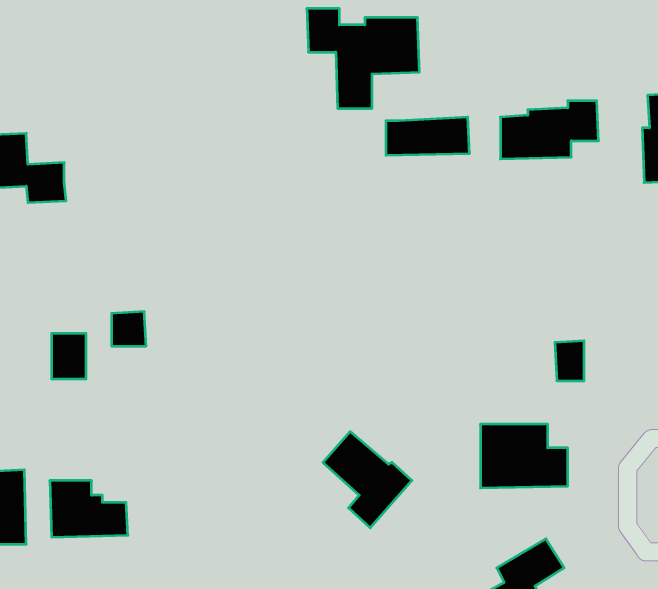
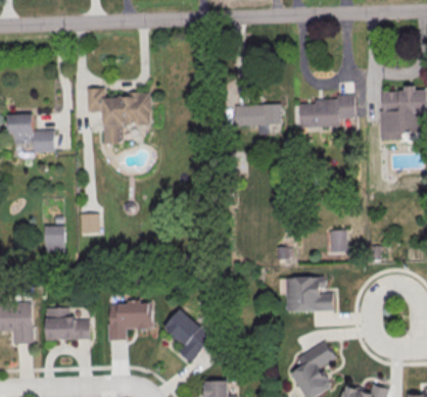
building: [307,9,419,108] -> [86,88,149,144]
building: [323,432,412,528] -> [163,308,213,362]
building: none -> [107,300,152,341]

